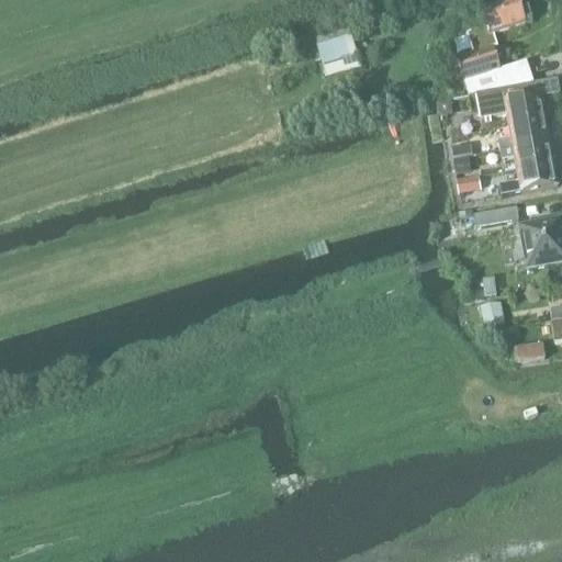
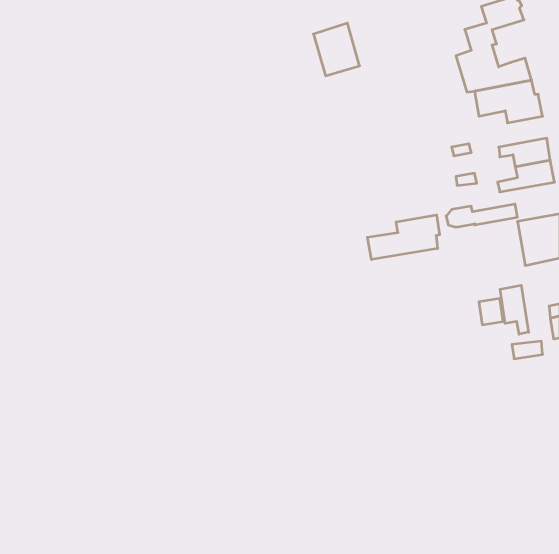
building: [498,116,549,147] -> none
building: none -> [367,215,440,260]
building: none -> [500,285,529,334]

